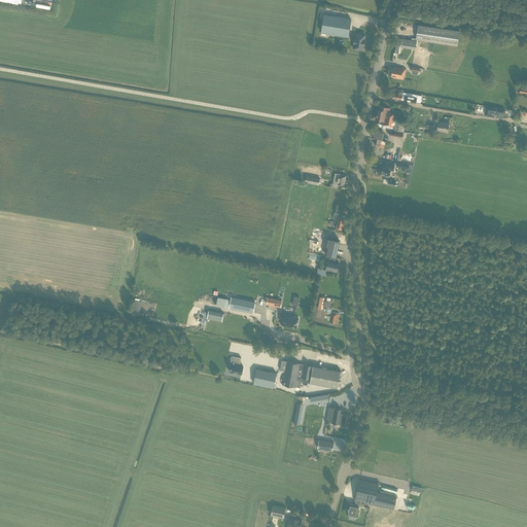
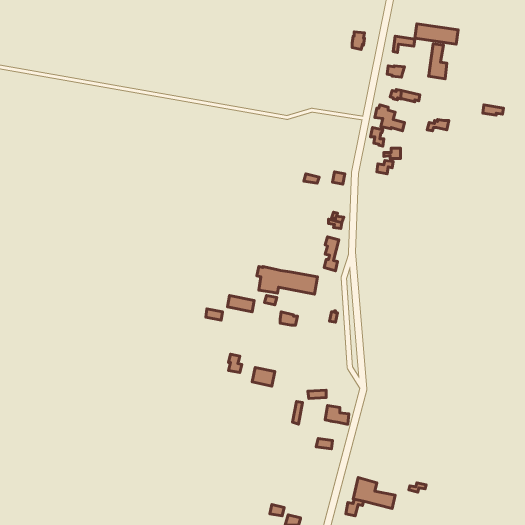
building: [320,13,350,35] -> none
building: none -> [428,44,447,79]
building: [279,359,340,387] -> [257,267,318,294]

